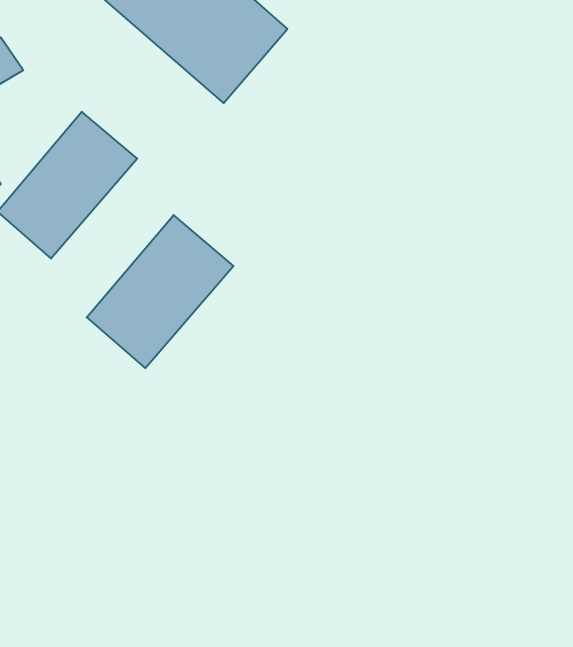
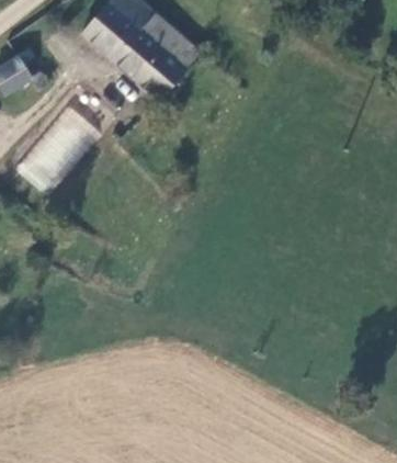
building: [87,215,233,368] -> none

